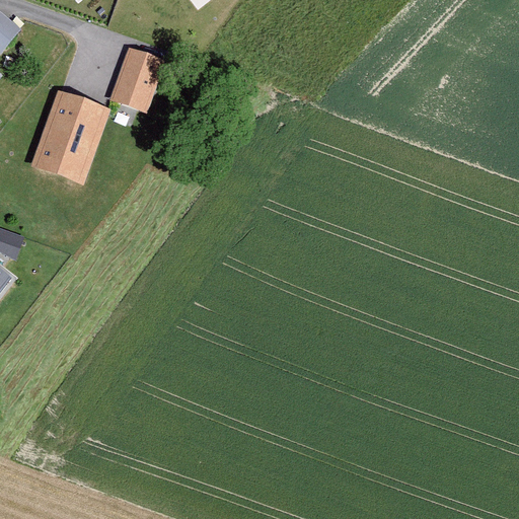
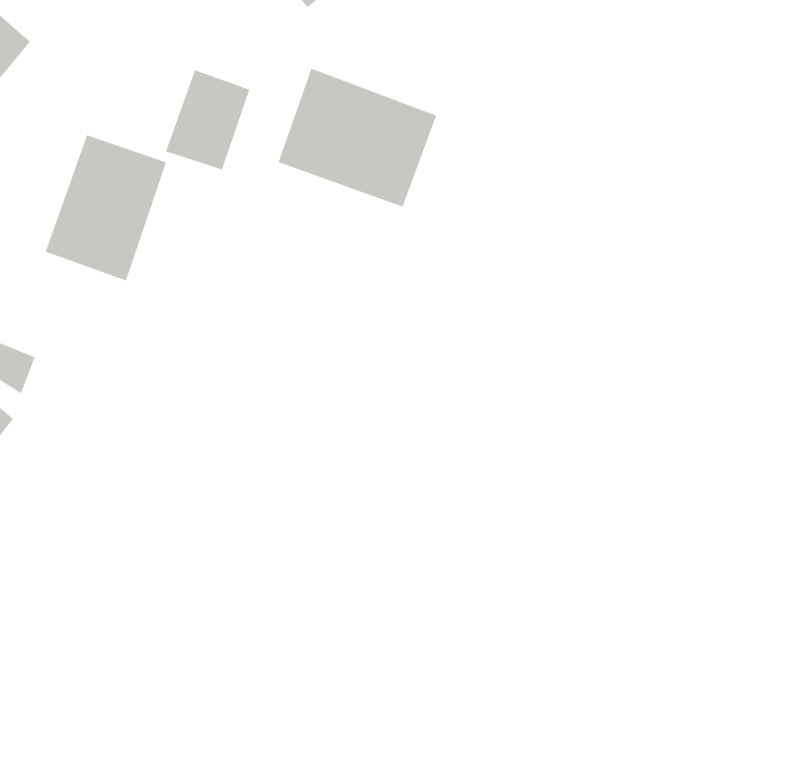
building: none -> [278,68,437,207]

